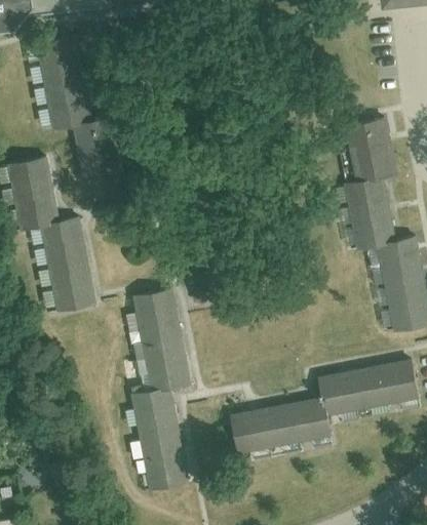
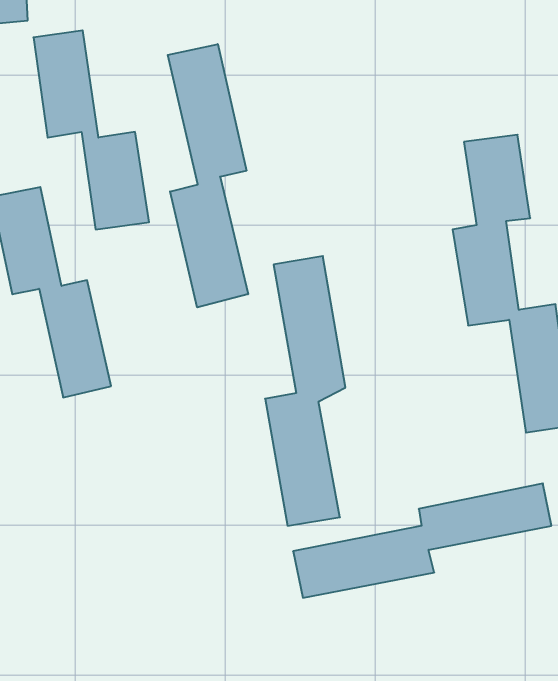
building: none -> [168,44,248,307]
building: [132,293,191,489] -> [265,256,345,526]

